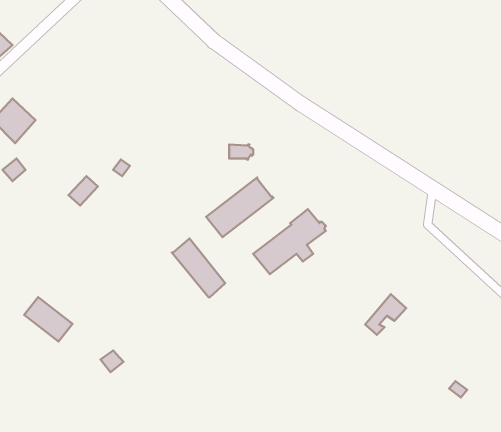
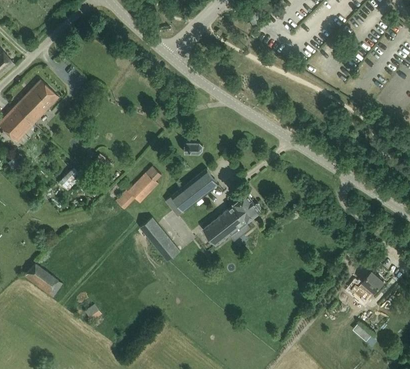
building: none -> [14,80,57,123]
building: none -> [115,172,158,209]
building: [365,294,406,335] -> [351,270,383,302]

